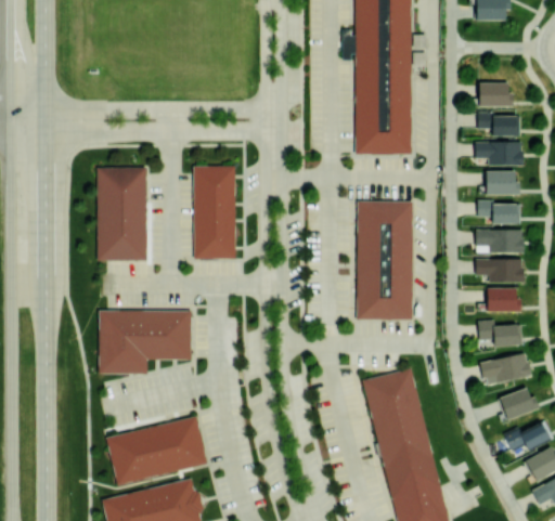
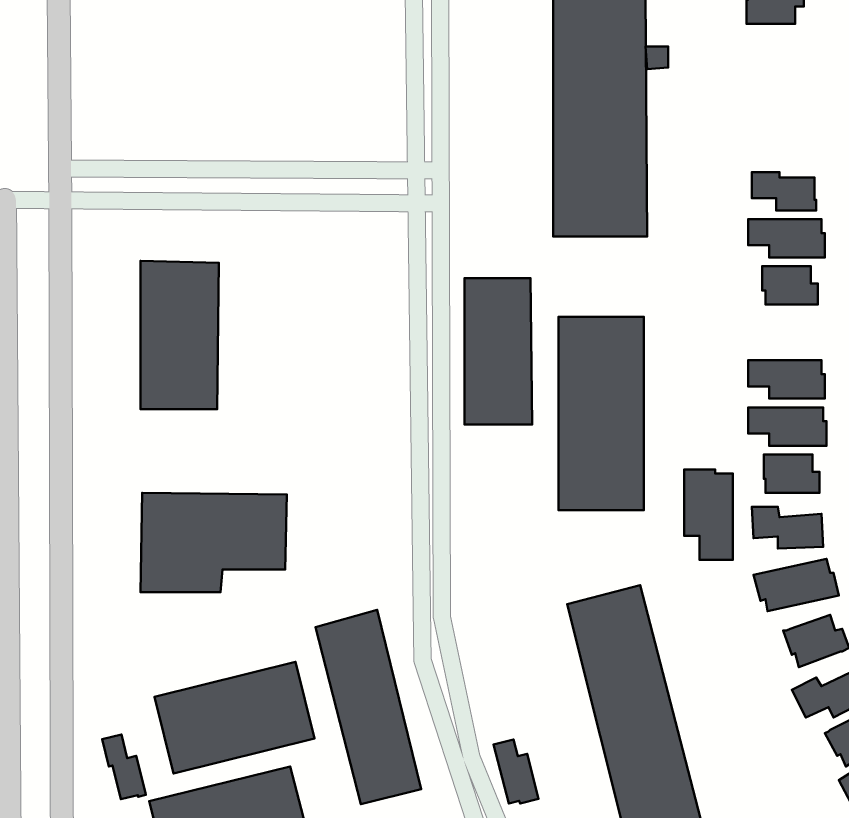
building: [478,81,513,105] -> none
building: [193,168,235,259] -> [464,278,532,425]
building: [477,199,520,223] -> none
building: none -> [684,469,733,560]
building: none -> [316,610,421,804]
building: none -> [102,734,146,799]
building: none -> [494,740,539,804]

